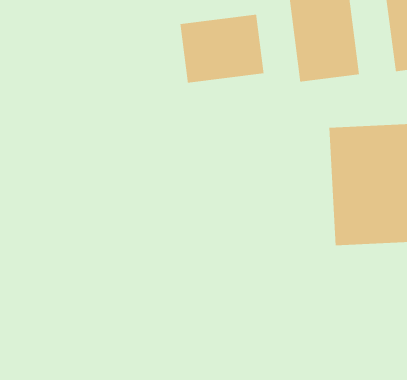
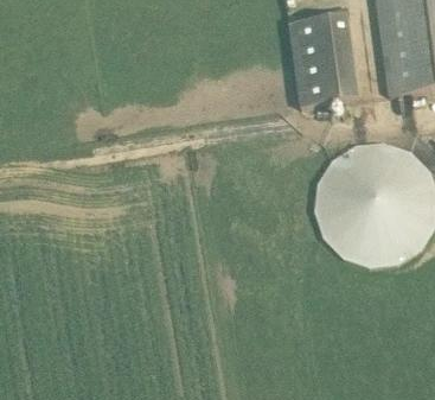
building: [180,14,264,83] -> none

